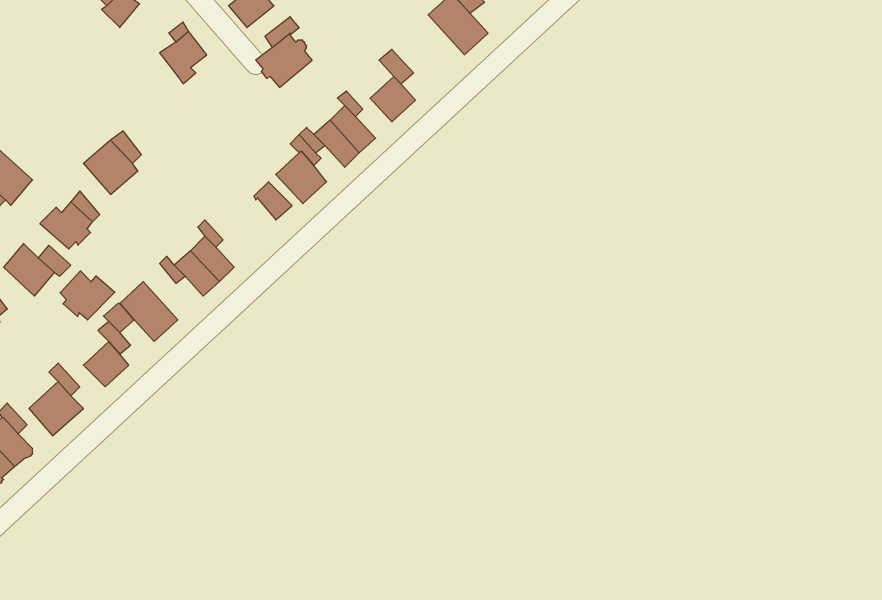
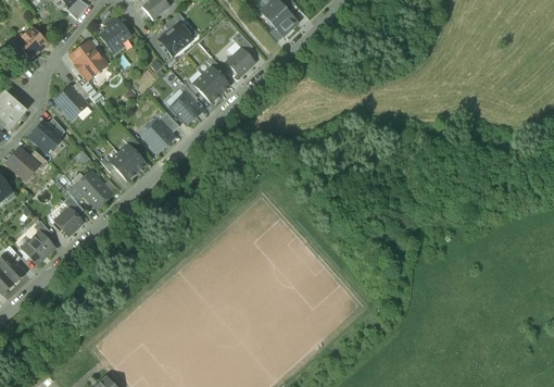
building: none -> [13,27,46,58]
building: none -> [71,41,103,77]
building: none -> [142,121,173,151]
building: [60,271,115,320] -> none

